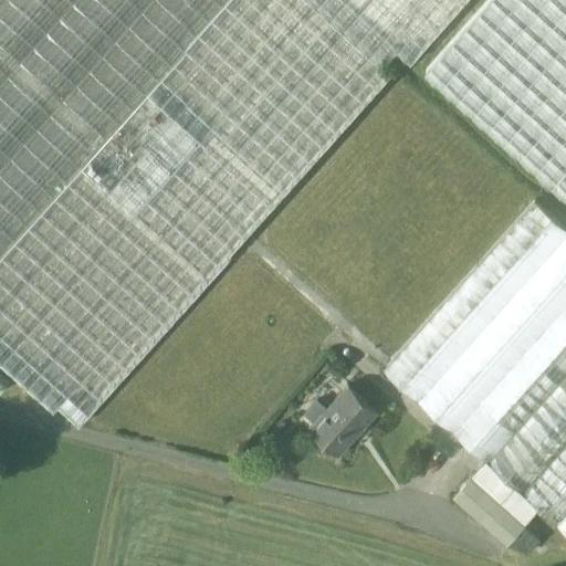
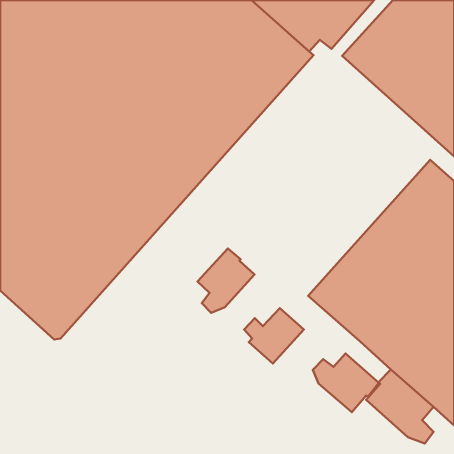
building: none -> [197,249,254,313]
building: none -> [313,353,379,412]

